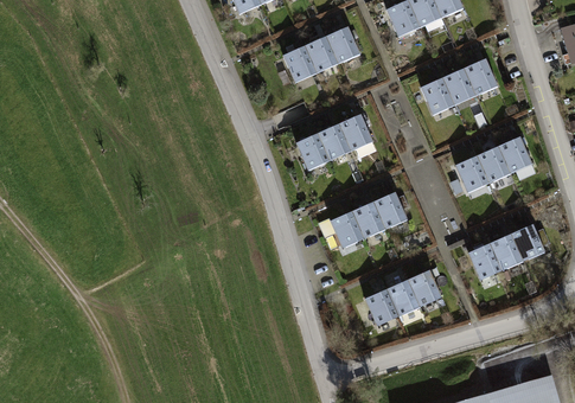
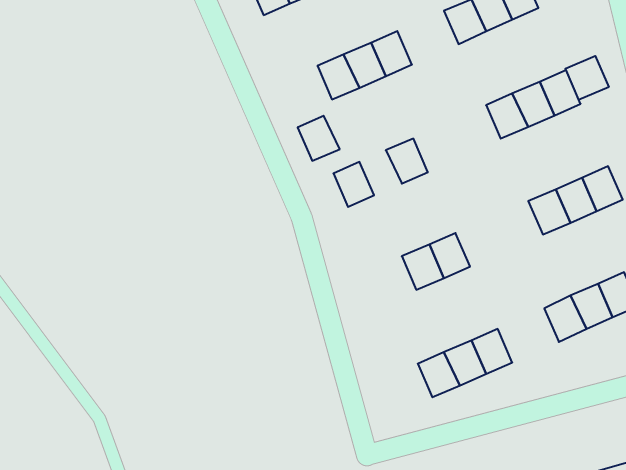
building: none -> [565,56,609,100]
building: [317,123,351,160] -> [298,116,340,161]
building: [330,210,363,247] -> none

